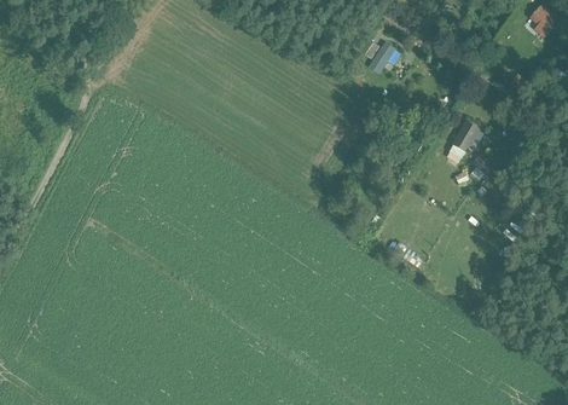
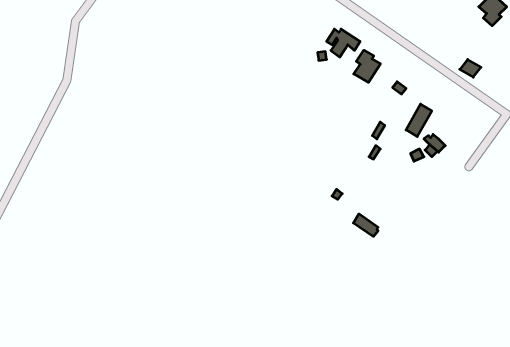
building: none -> [354,50,380,82]

